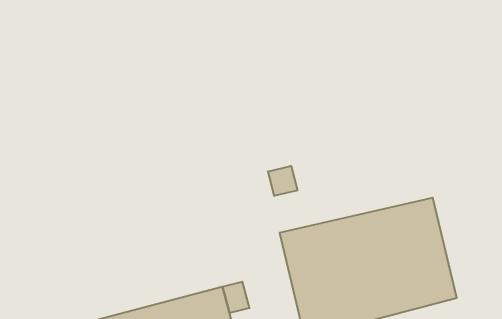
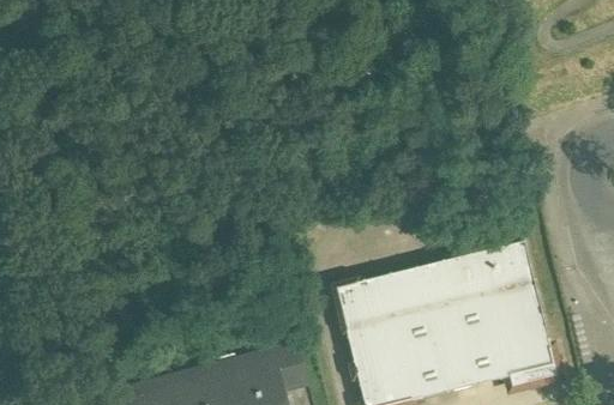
building: [268,166,297,196] -> none

